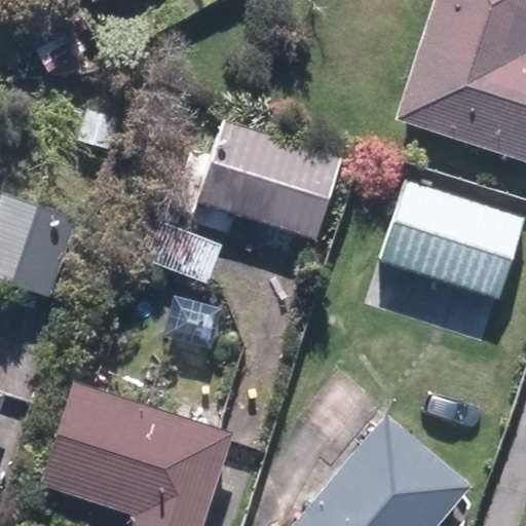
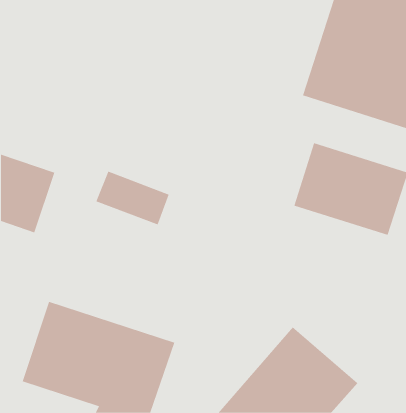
building: [198,120,345,242] -> none

